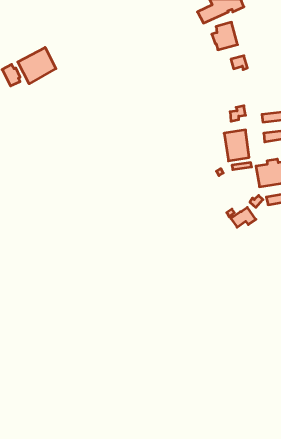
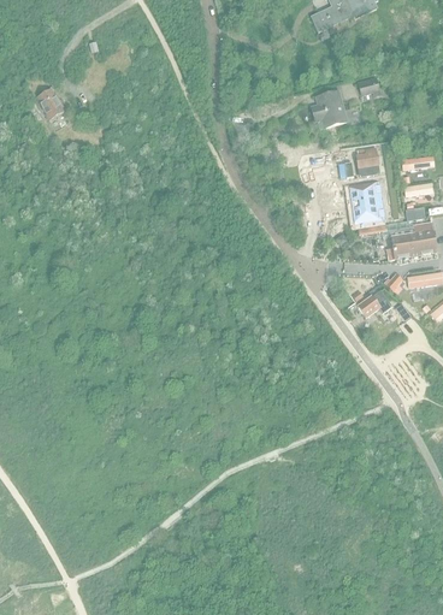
building: [212,22,238,50] -> [309,91,345,130]
building: [18,47,56,84] -> none

